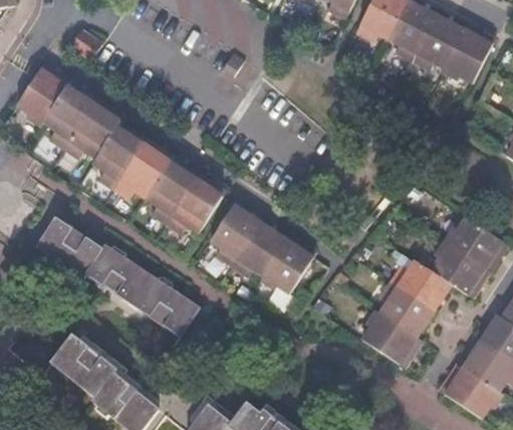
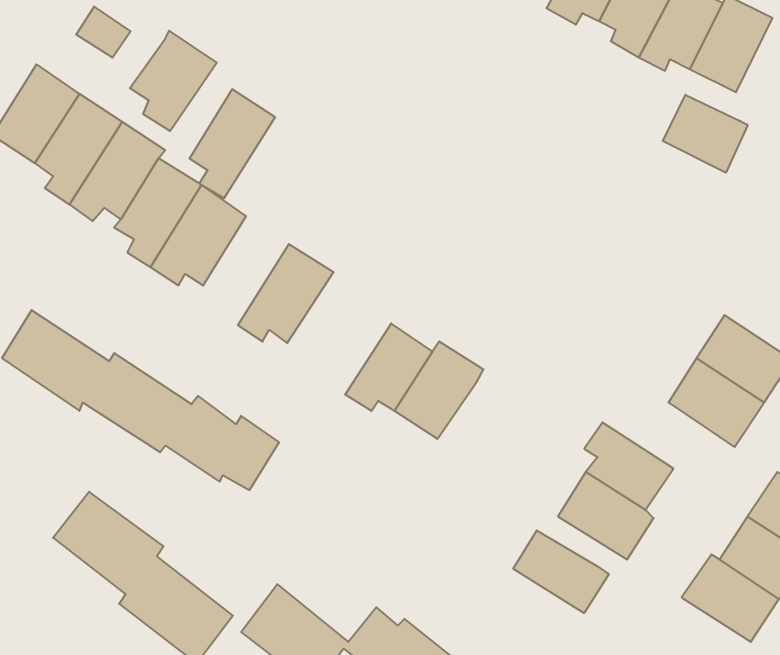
building: none -> [130,31,217,131]
building: none -> [663,95,748,173]
building: [147,159,199,225] -> [189,89,275,198]
building: [210,206,261,267] -> none
building: [390,261,451,312] -> none
building: none -> [513,530,609,613]

